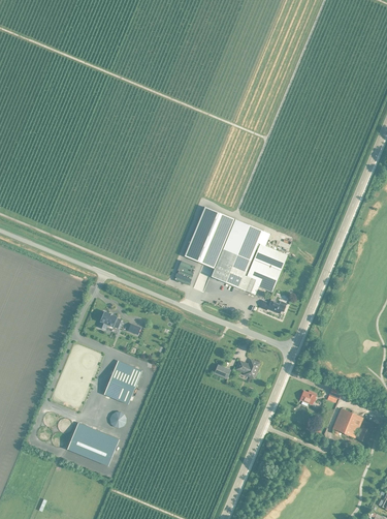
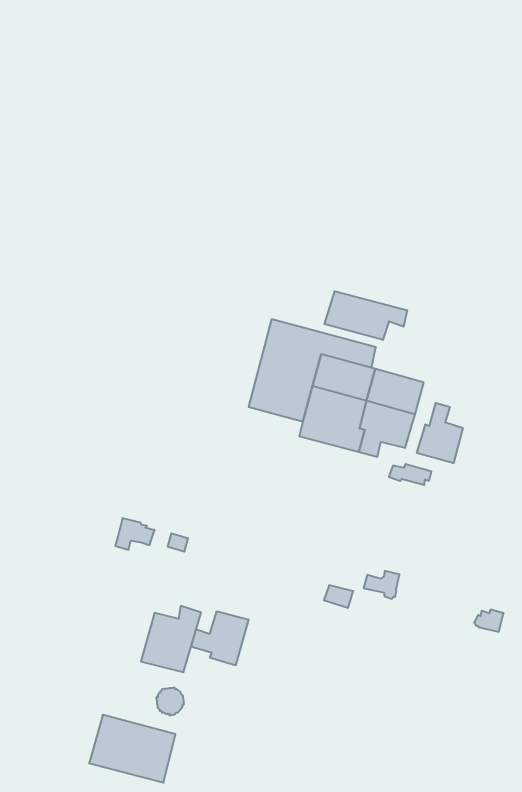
building: none -> [324,291,407,340]
building: none -> [417,403,463,463]
building: none -> [191,611,248,665]

